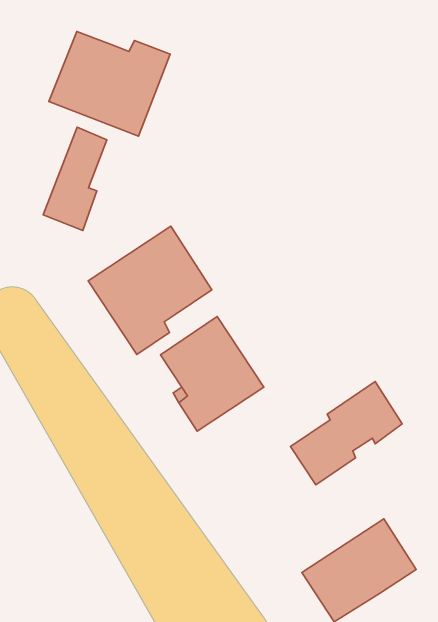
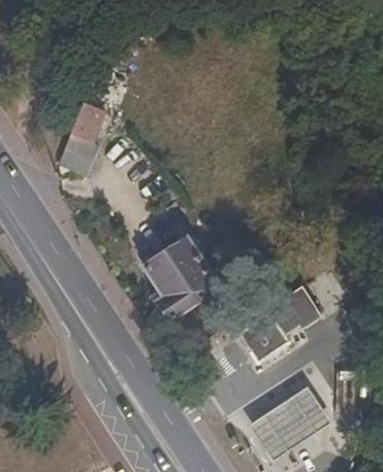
building: [49,32,170,136] -> none
building: [88,226,212,355] -> none

